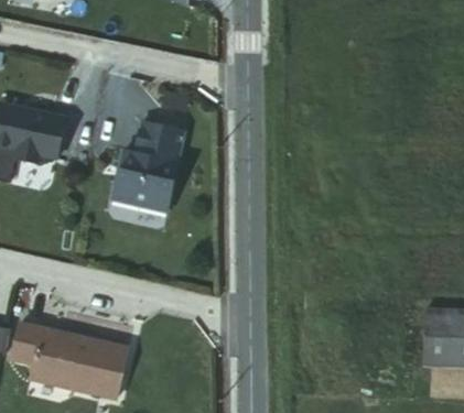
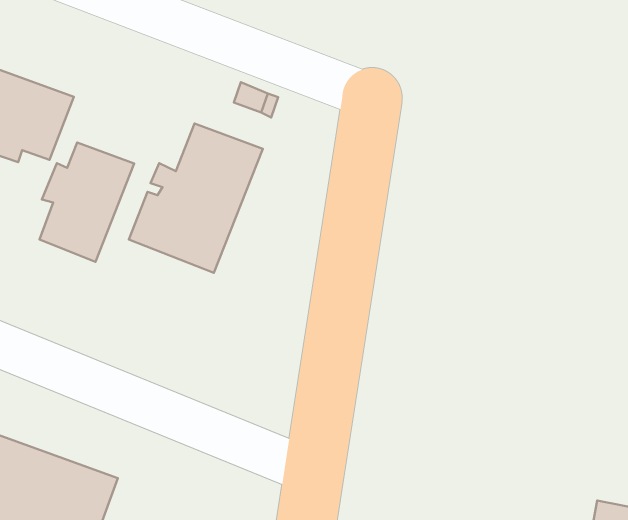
building: none -> [40,143,134,262]

